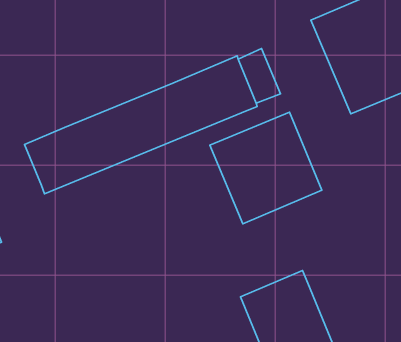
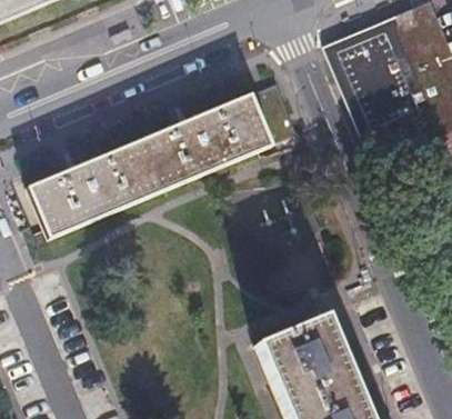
building: [210,112,322,224] -> none

